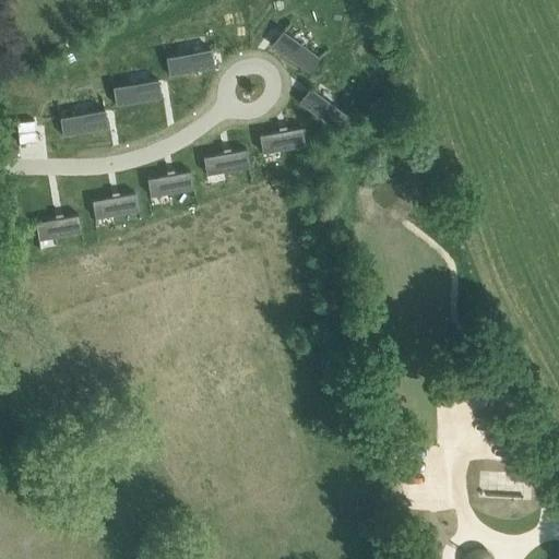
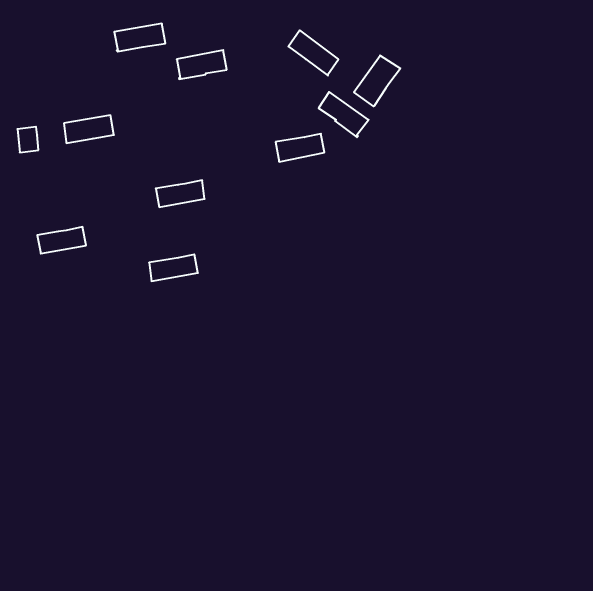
building: none -> [354,55,400,106]
building: [114,81,162,107] -> [114,24,165,52]
building: [203,151,250,177] -> none
building: [93,194,139,219] -> [149,254,198,281]

